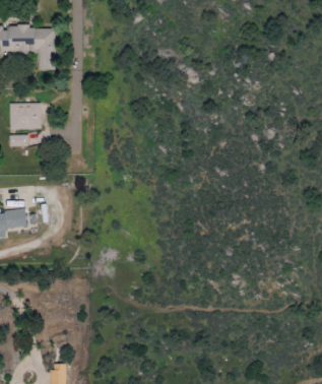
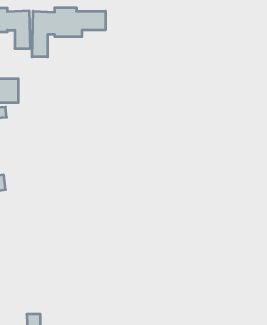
building: none -> [32,8,105,57]

